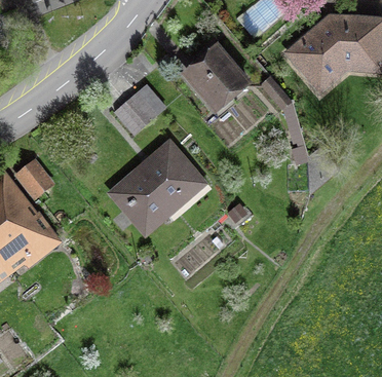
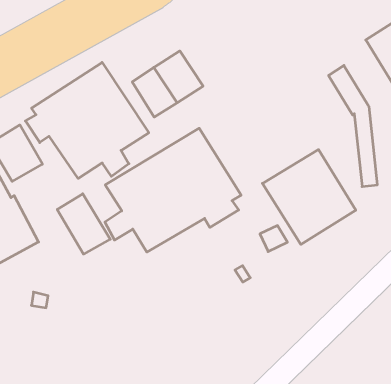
building: [179,43,252,116] -> [262,150,356,244]
building: none -> [25,62,149,178]
building: none -> [57,194,110,254]

